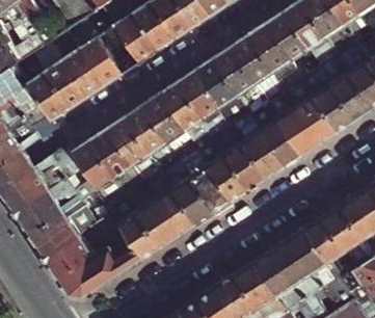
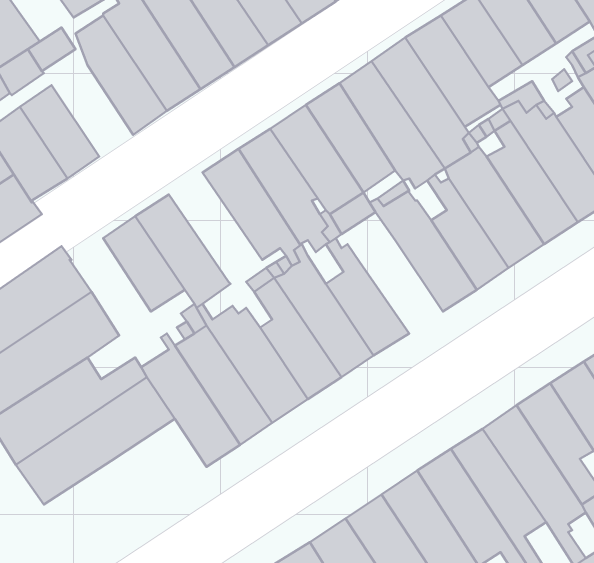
building: [63,48,106,97] -> none
building: [125,105,173,162] -> none
building: [73,139,125,207] -> none
building: [224,140,268,189] -> none
building: [59,234,144,298] -> none

